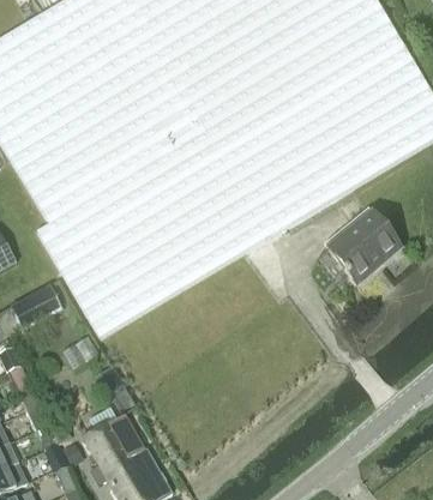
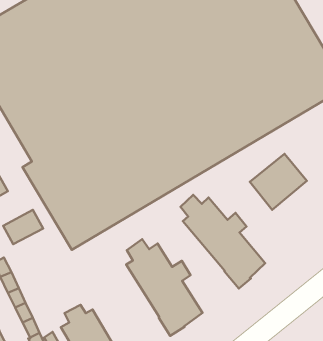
building: none -> [181,195,265,289]
building: none -> [126,239,202,336]

